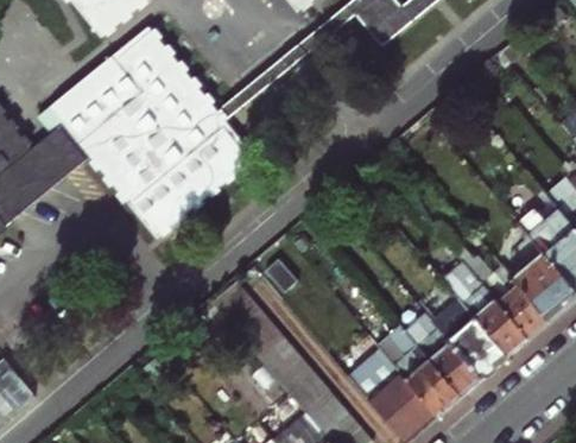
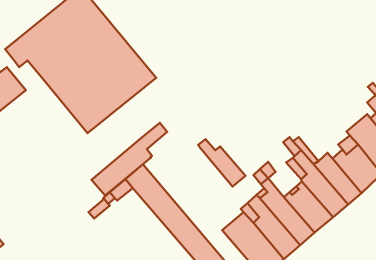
building: [39,132,89,175] -> none
building: none -> [92,123,167,195]
building: none -> [198,139,245,187]

